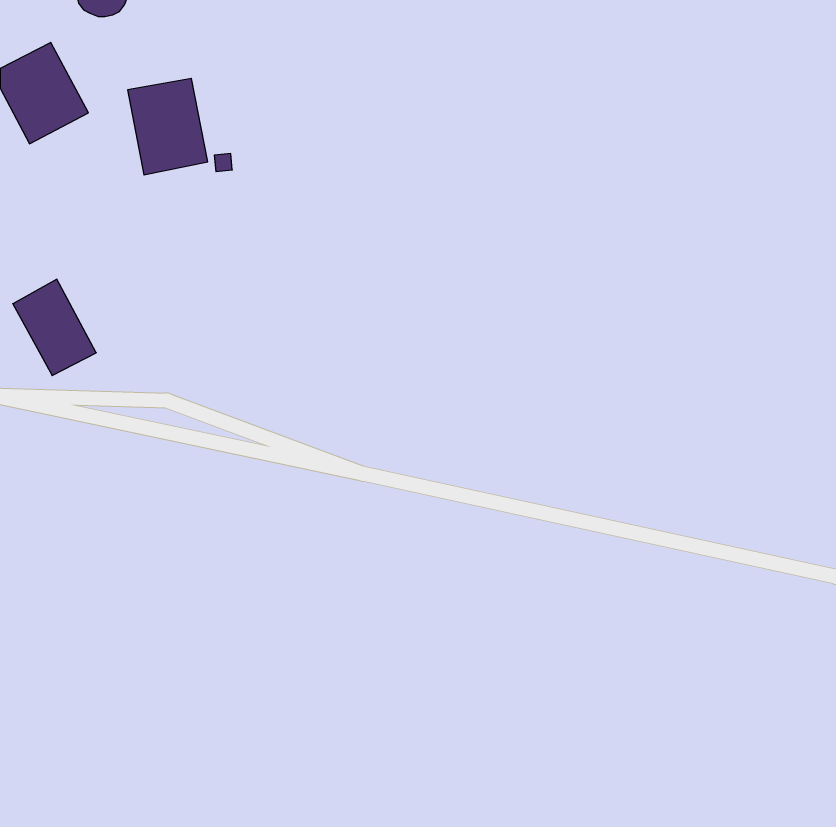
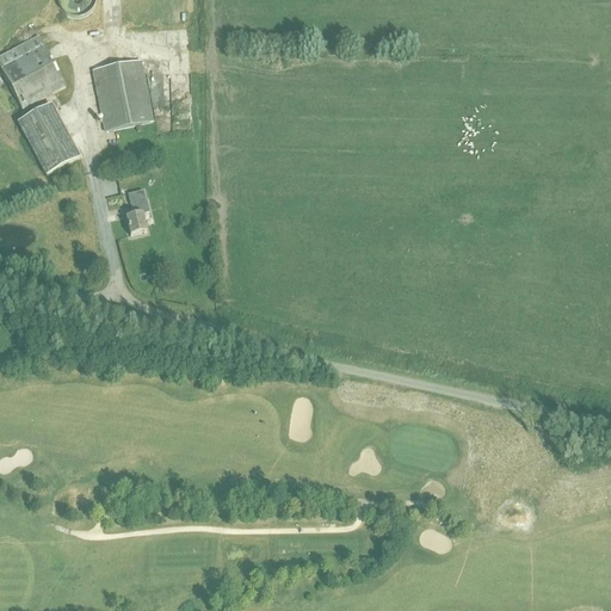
building: none -> [125,186,149,232]
building: [13,279,96,376] -> [18,100,79,171]

